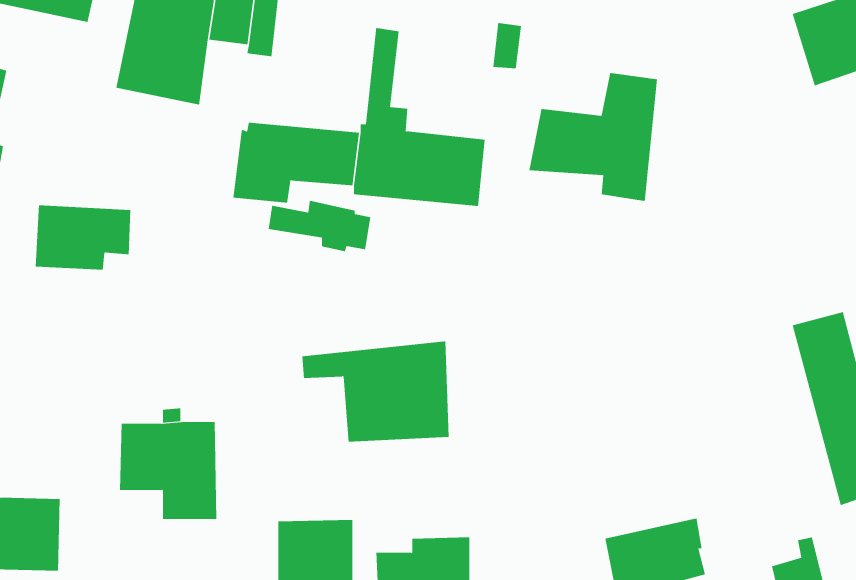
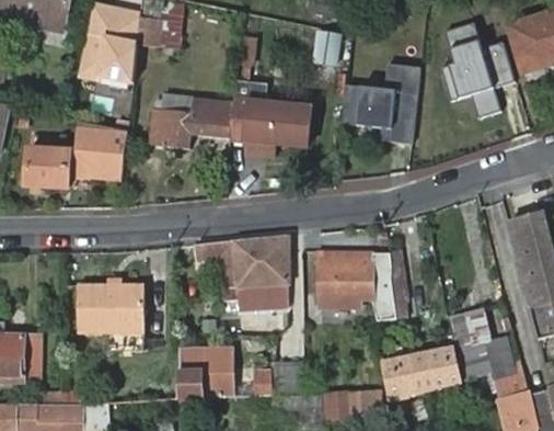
building: none -> [445,27,517,122]
building: [268,200,371,252] -> [59,123,125,156]
building: none -> [316,251,393,320]
building: none -> [449,305,493,379]

